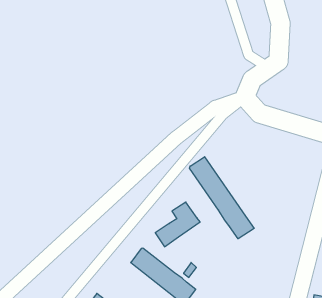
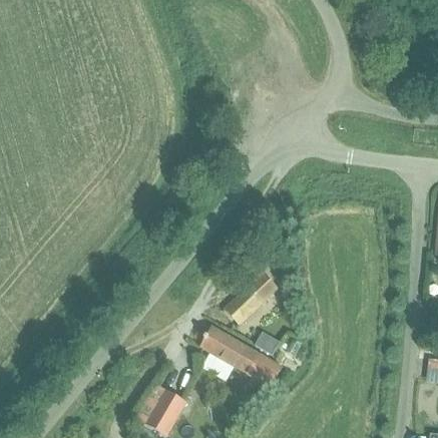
building: [190,157,254,239] -> none

